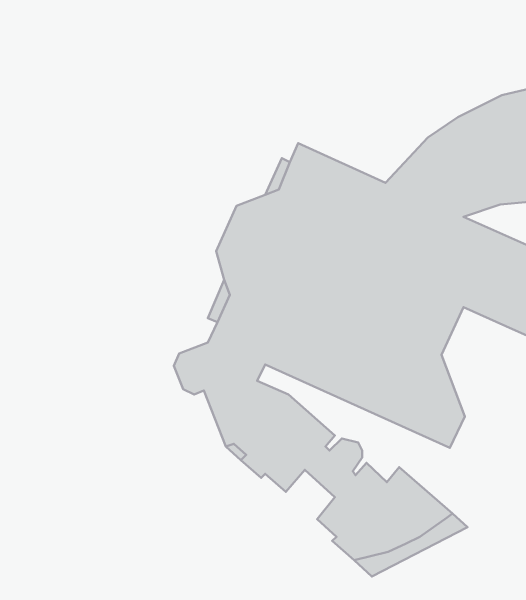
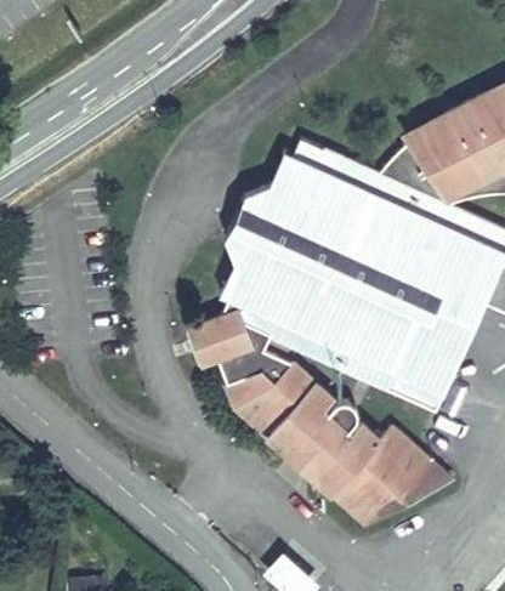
building: none -> [429,285,486,382]
building: none -> [268,430,335,493]

